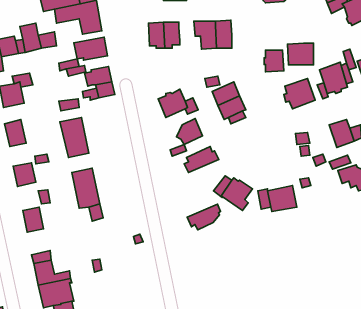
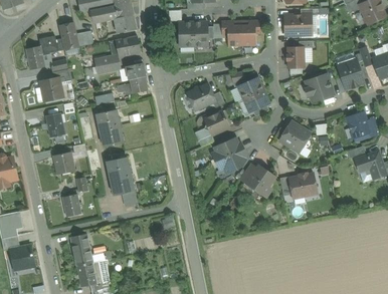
building: [288,43,314,65] -> [285,15,310,35]
building: none -> [279,121,311,153]
building: [187,204,221,230] -> [216,150,247,174]

